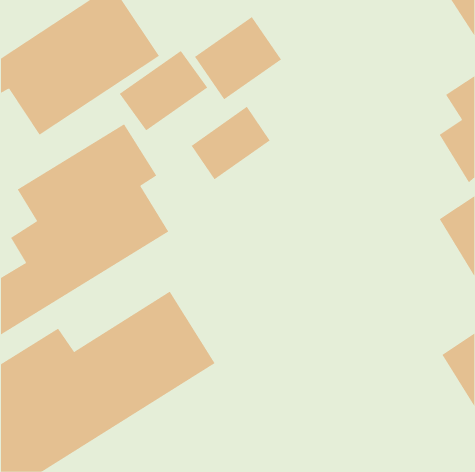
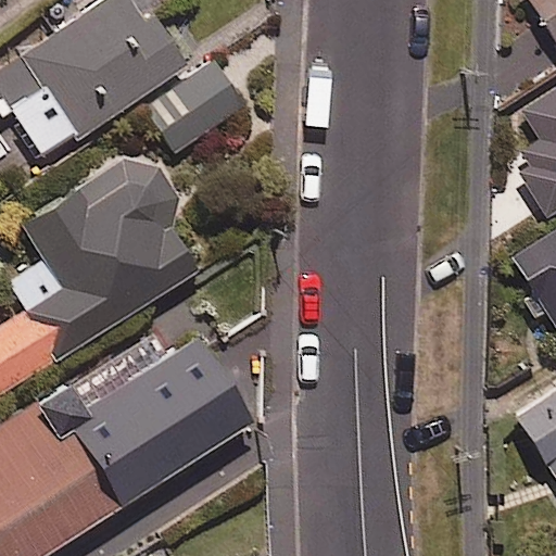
building: [194,16,282,100] -> none
building: [191,106,271,180] -> none

